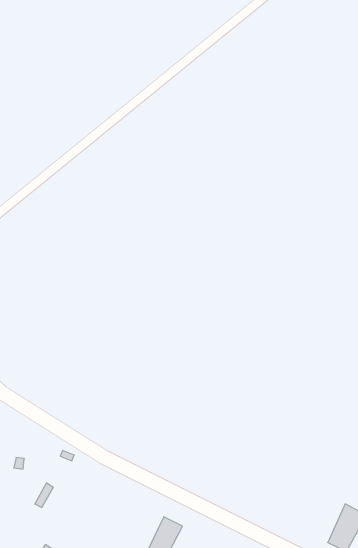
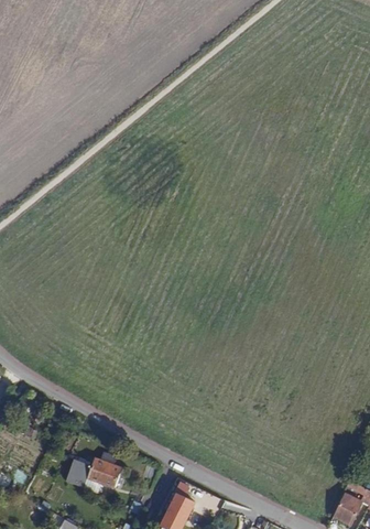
building: none -> [76,458,122,488]

